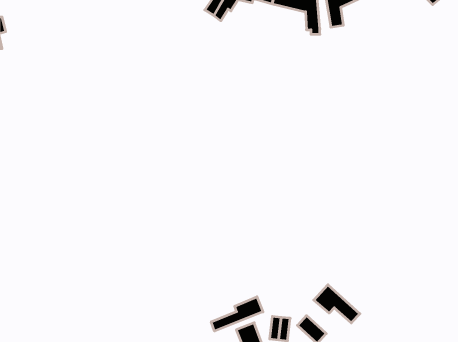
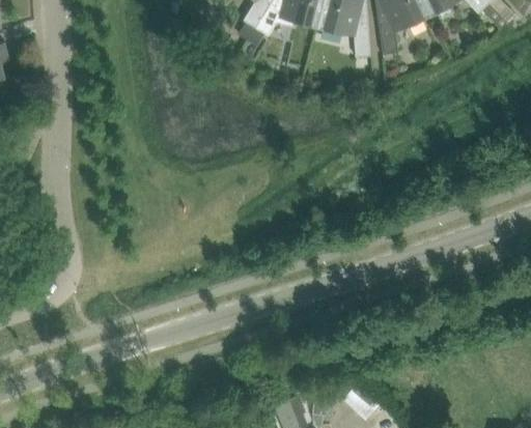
building: [314,285,360,323] -> none
building: [211,297,263,331] -> none

